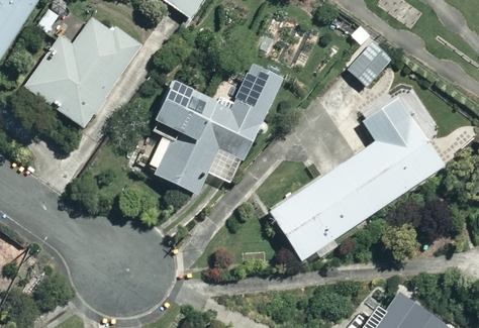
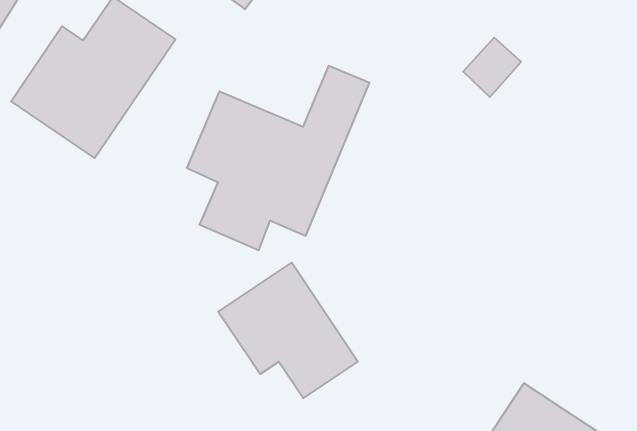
building: [269,96,444,259] -> none
building: none -> [218,263,358,398]

